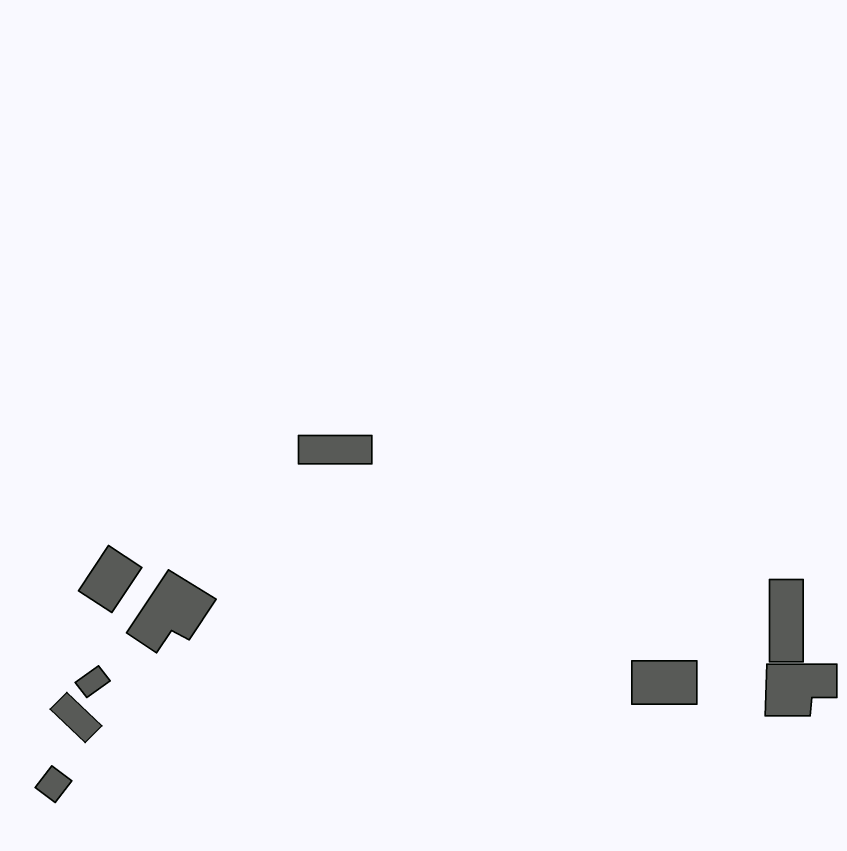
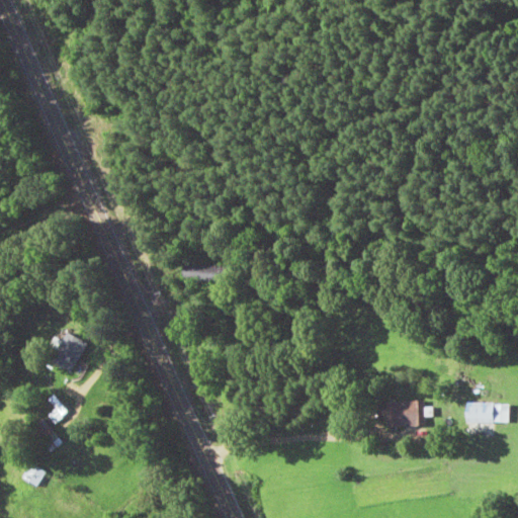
building: [126,570,216,653] -> none
building: [769,580,803,662] -> none

